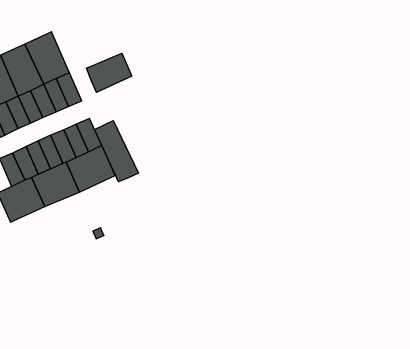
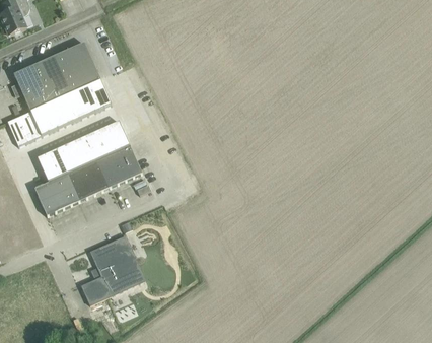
building: [86,53,132,92] -> none
building: [94,121,138,182] -> none
building: none -> [81,234,145,304]

